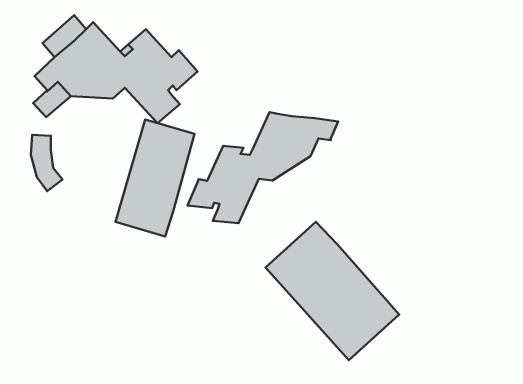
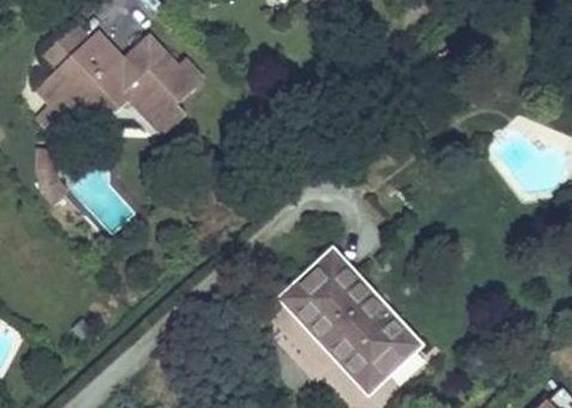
building: [187,112,338,223] -> none
building: [116,119,195,236] -> none

